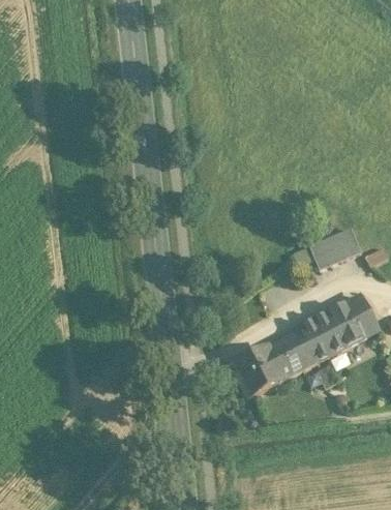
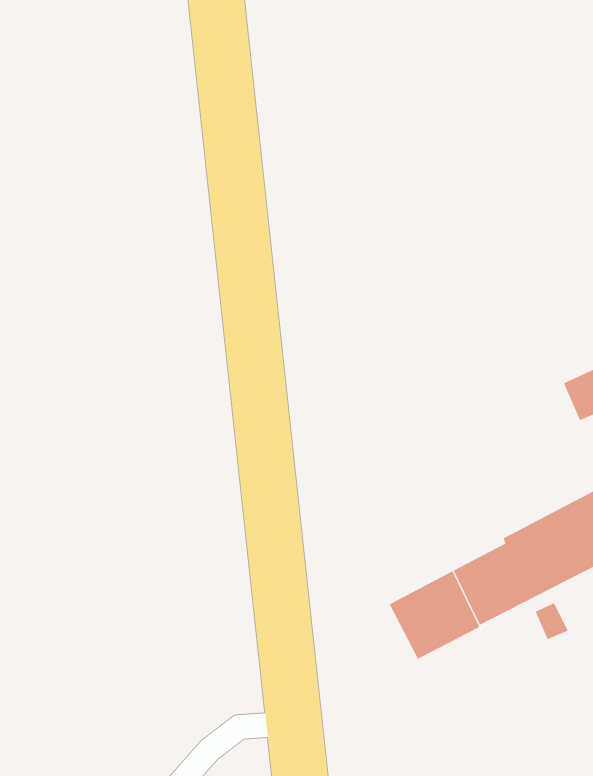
building: [310,237,342,269] -> none

